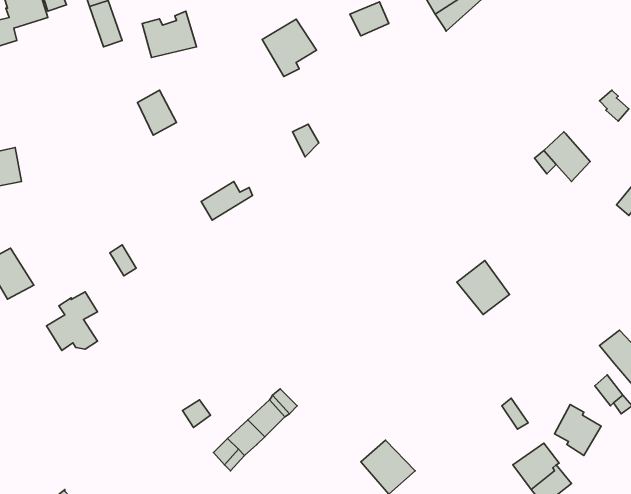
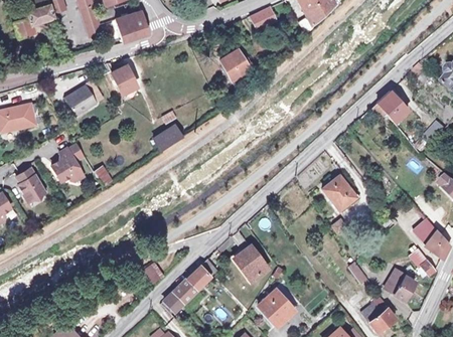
building: [262,19,316,77] -> [219,44,255,81]
building: none -> [66,79,104,114]
building: [46,292,97,351] -> [52,141,86,179]
building: none -> [233,245,266,280]

